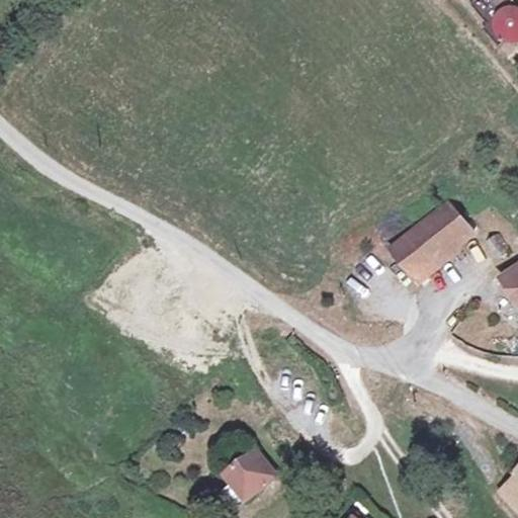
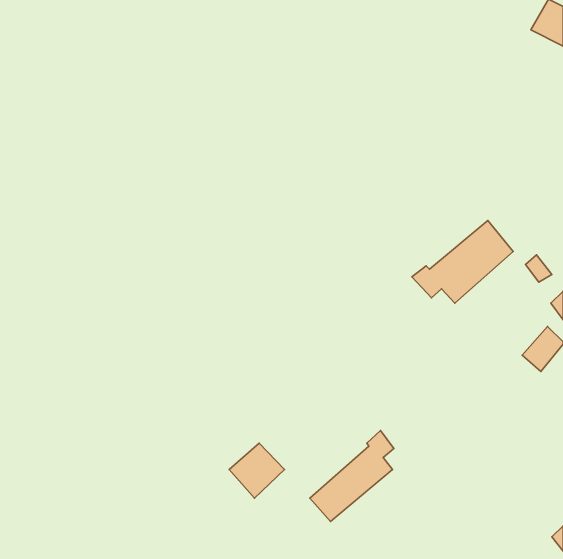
building: none -> [310,431,394,521]
building: [232,450,282,501] -> [229,443,284,498]

